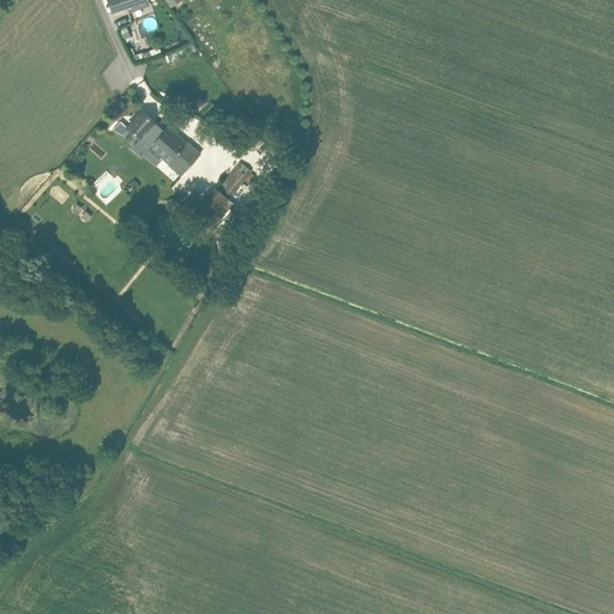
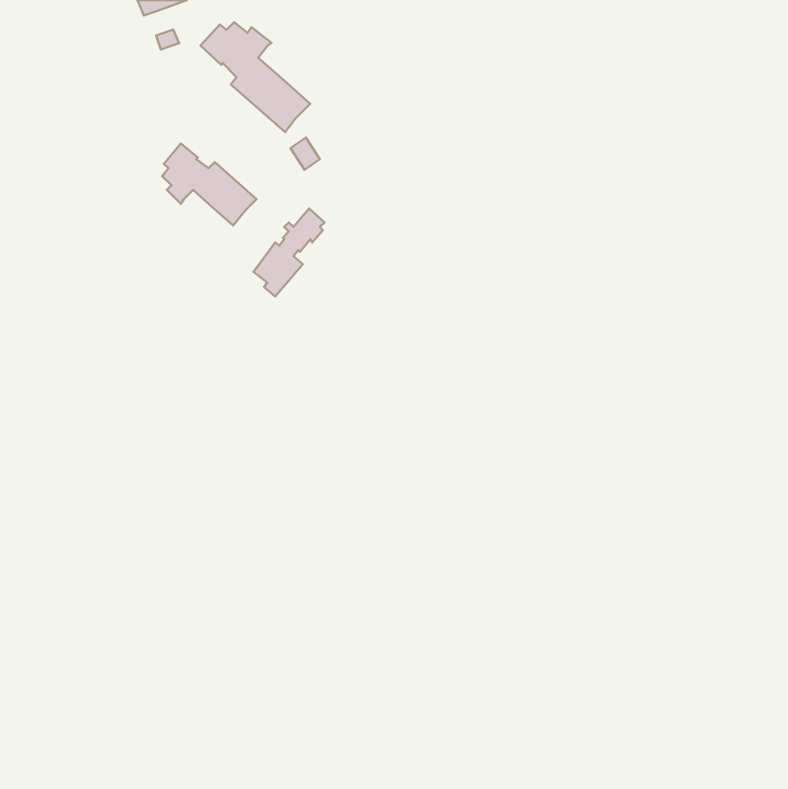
building: none -> [201,22,310,132]

